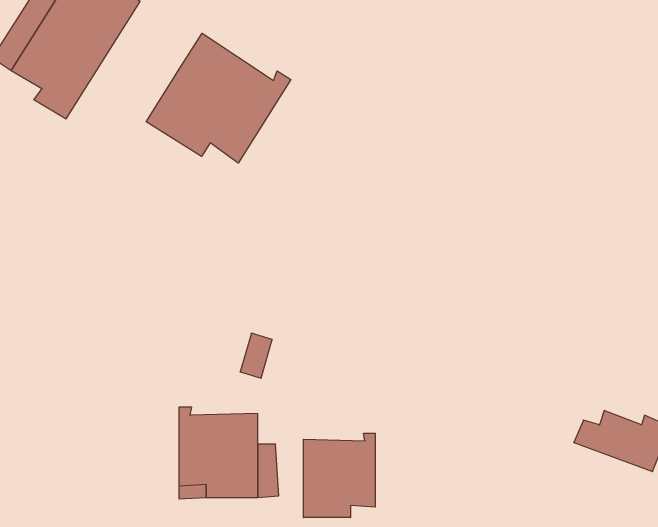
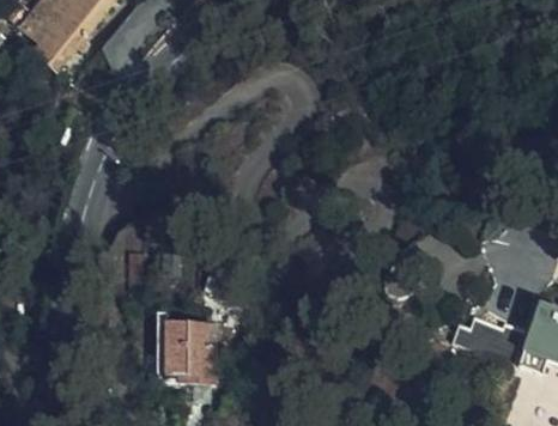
building: [146,33,291,163] -> none
building: [303,433,375,518] -> none

